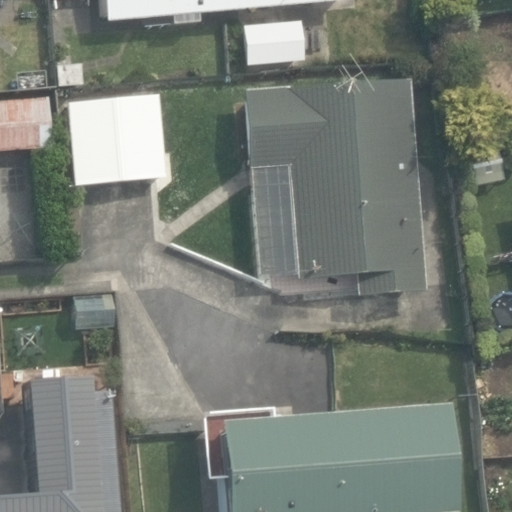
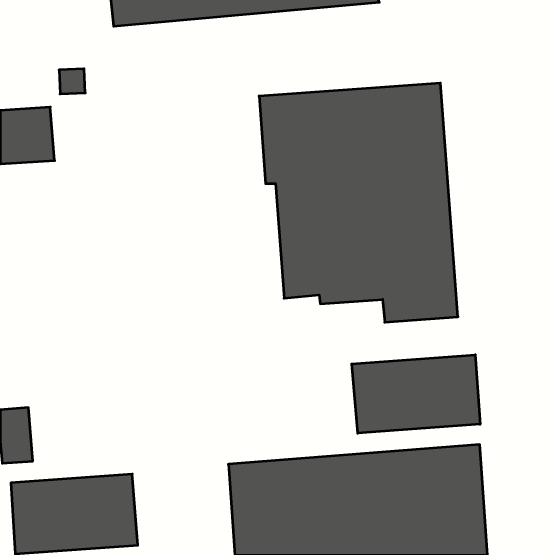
building: [69,94,166,185] -> none
building: none -> [352,355,480,433]

